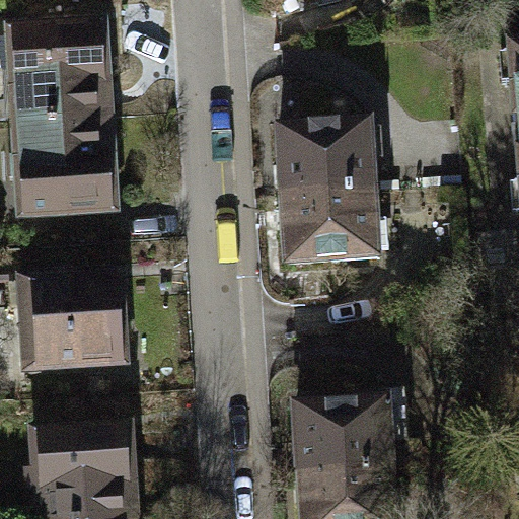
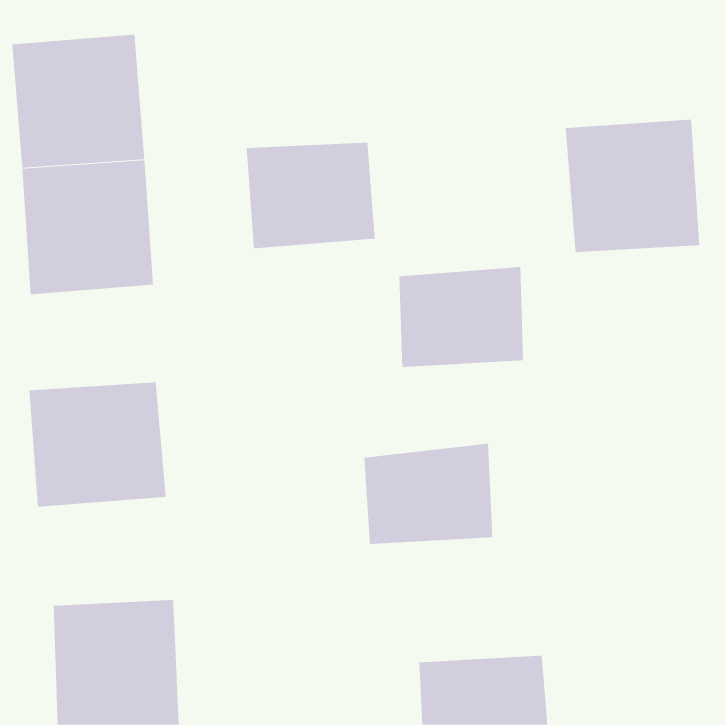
building: none -> [565,119,700,253]
building: [280,121,372,197] -> [246,142,375,249]
building: [295,399,387,471] -> [364,443,493,544]

